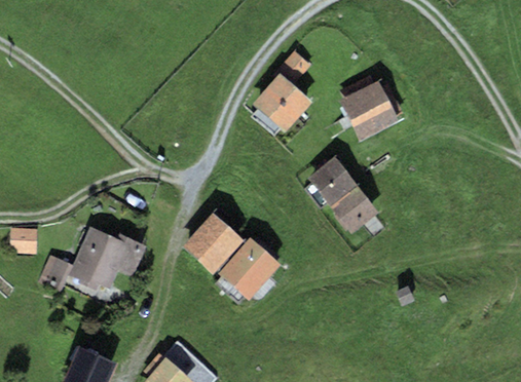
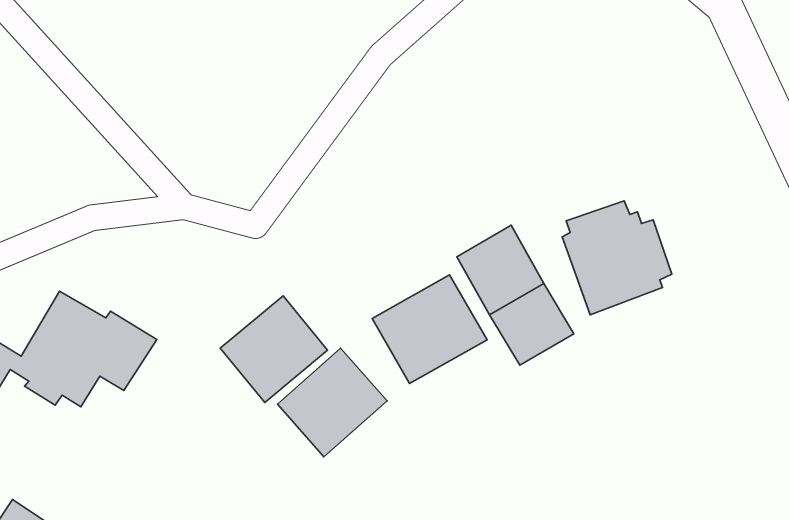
building: [252,51,311,132] -> none
building: [338,75,402,141] -> [562,201,672,315]
building: none -> [372,275,487,383]

